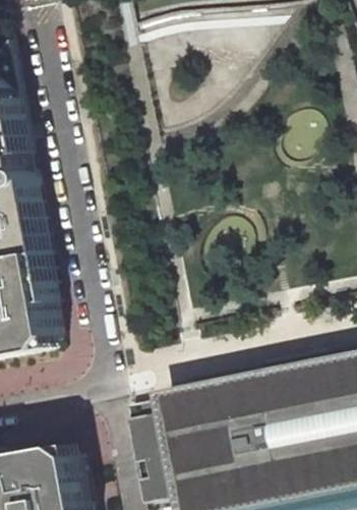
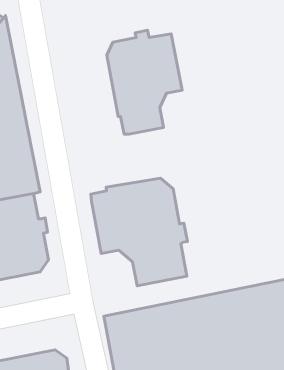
building: none -> [107,30,182,134]
building: none -> [91,178,187,286]

